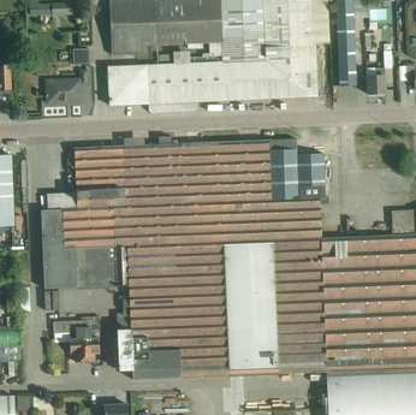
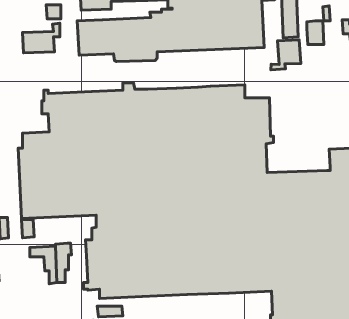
building: none -> [271,40,301,70]

